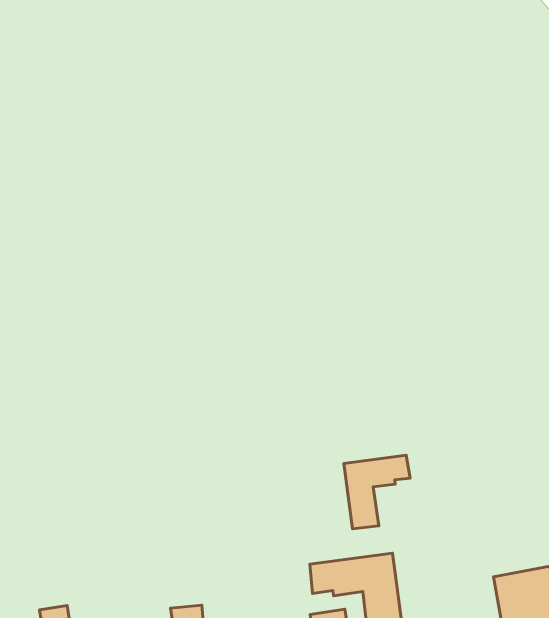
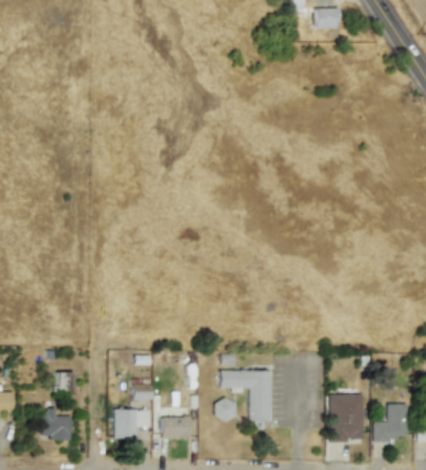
building: [344,455,410,529] -> none

